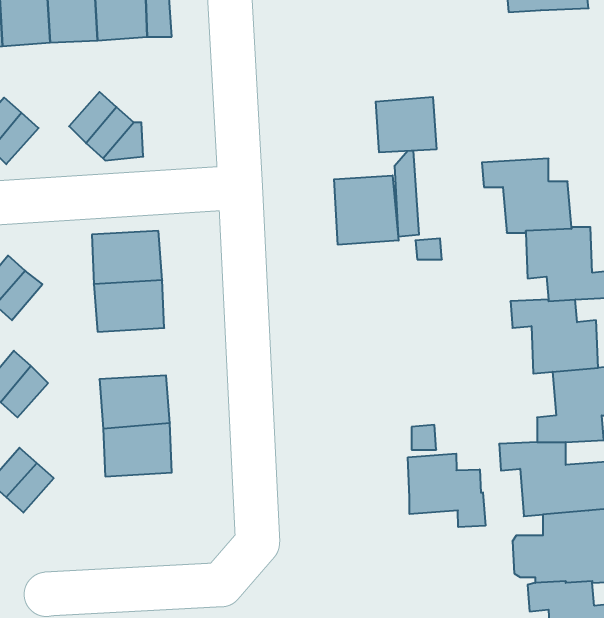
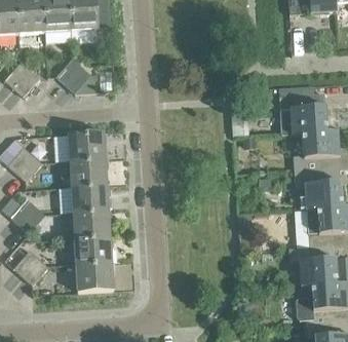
building: [376,97,436,152] -> none
building: [334,175,399,245] -> none
building: none -> [71,184,108,212]
building: [408,454,485,527] -> none
building: none -> [75,262,113,291]

